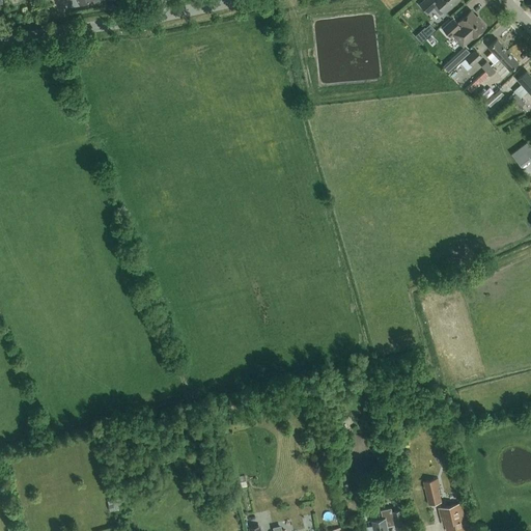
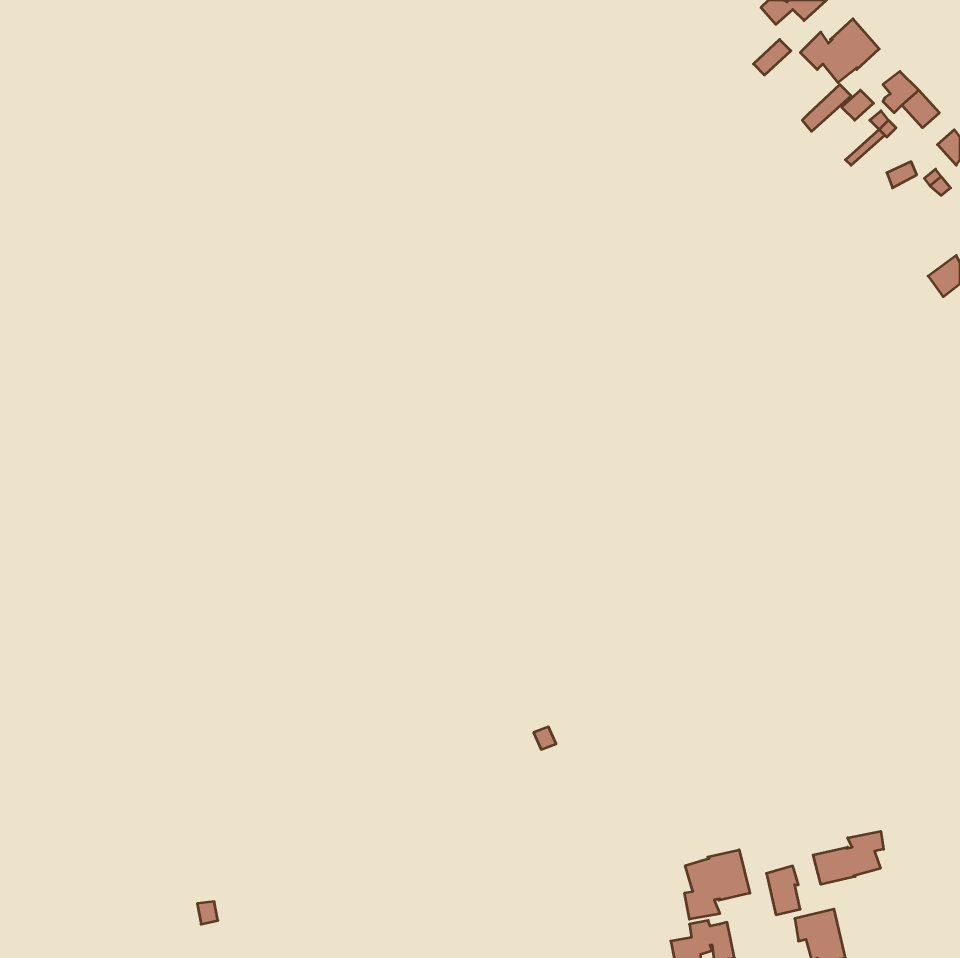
building: none -> [813,831,884,884]
building: none -> [685,850,750,919]

